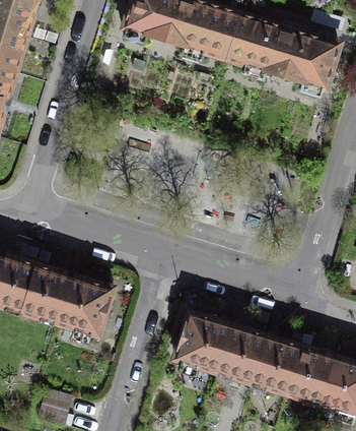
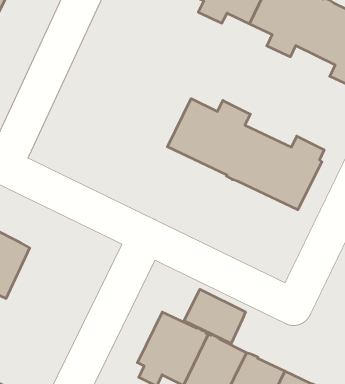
building: none -> [167,99,324,210]
building: [57,274,113,341] -> none
building: none -> [184,289,245,344]

